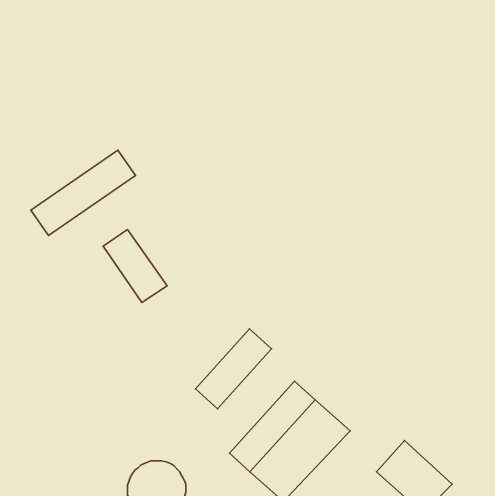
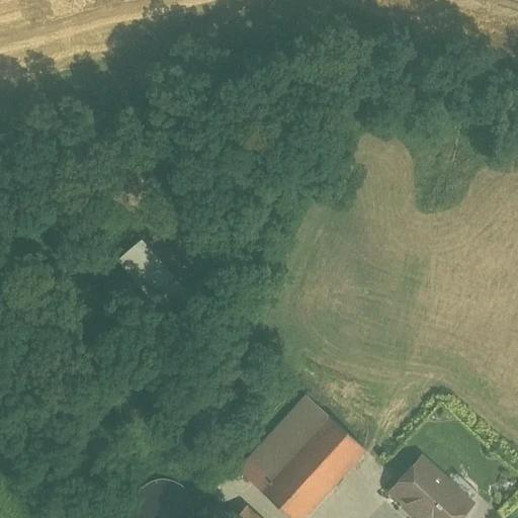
building: [31,150,135,236] -> none
building: [195,329,272,409] -> none

